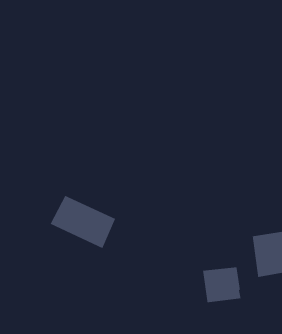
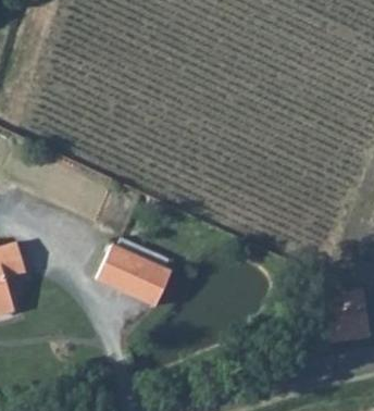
building: [202,266,242,303] -> none

